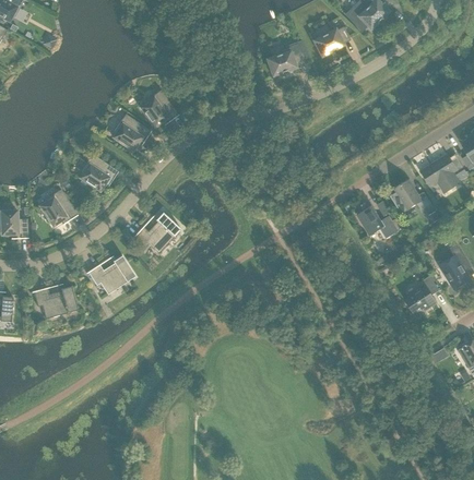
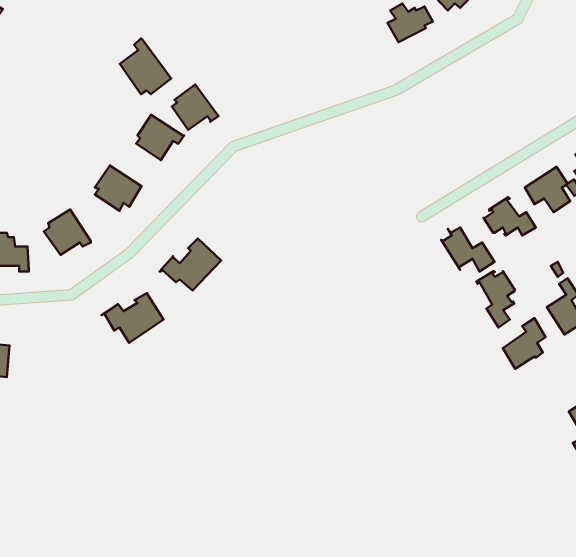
building: [265,43,304,75] -> none
building: none -> [120,38,171,94]
building: none -> [476,271,515,327]
building: [31,286,76,319] -> none

